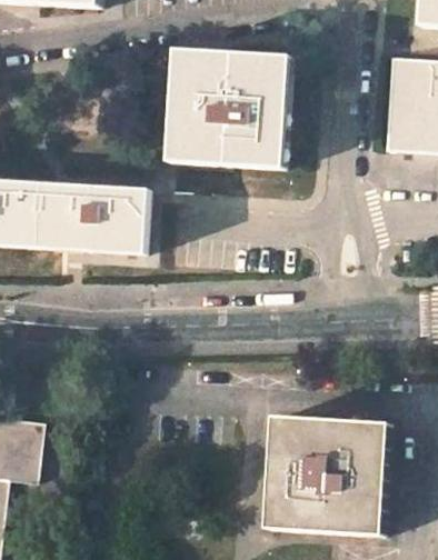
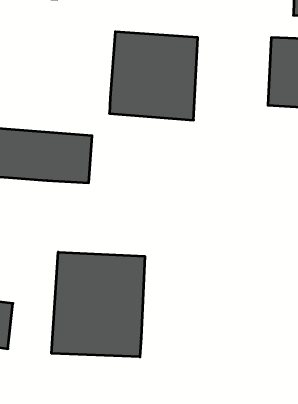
building: none -> [52,252,145,357]
building: [269,412,391,532] -> none

